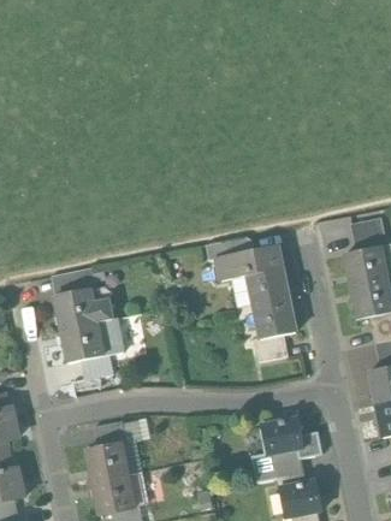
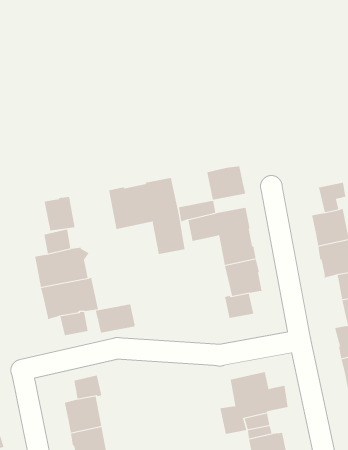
building: none -> [206,165,246,200]
building: none -> [109,177,185,255]
building: none -> [44,196,75,232]
building: none -> [95,303,136,334]

